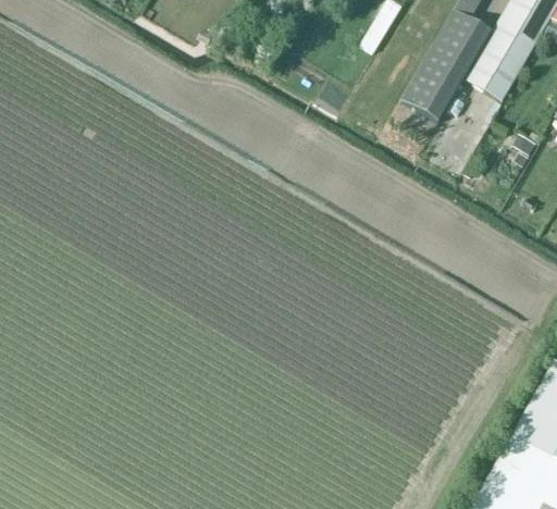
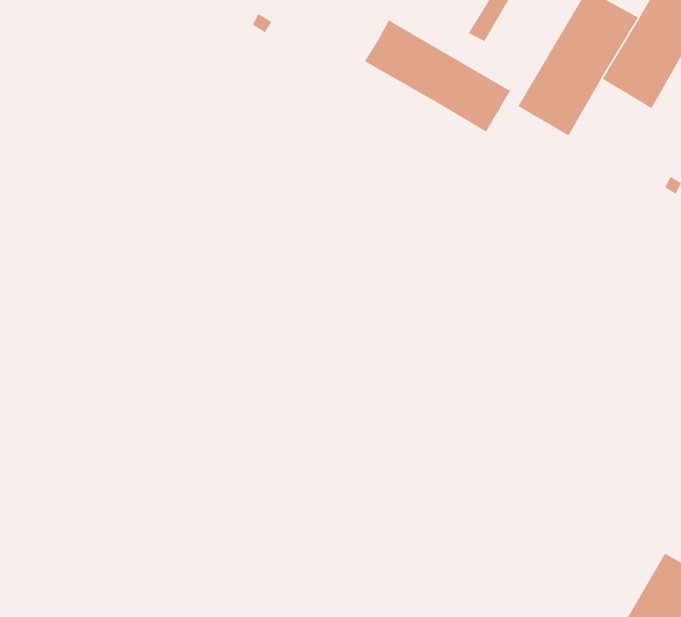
building: none -> [364,20,511,132]

